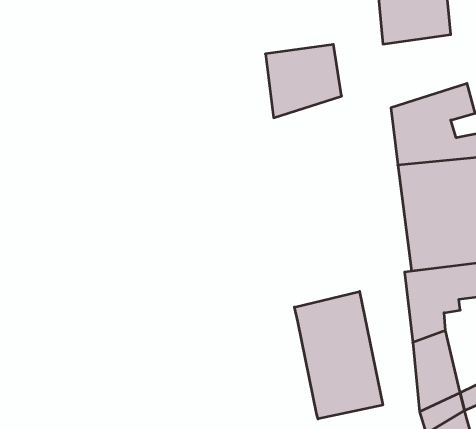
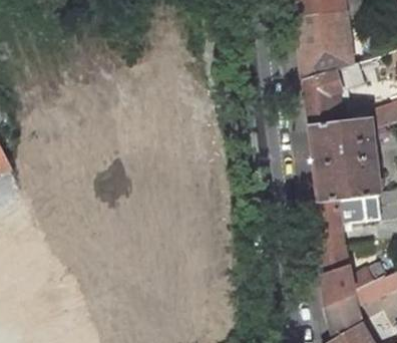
building: [265,44,342,118] -> [298,28,354,82]
building: [294,291,383,419] -> none

